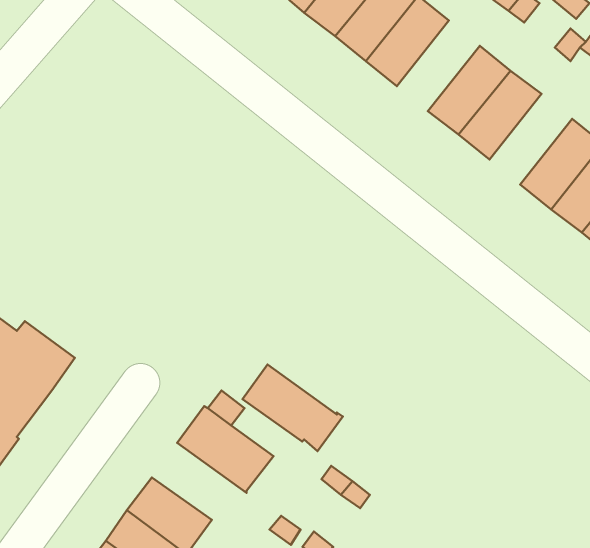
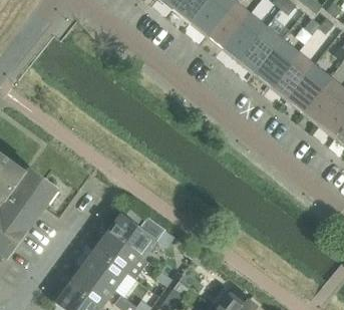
building: none -> [222,13,265,60]
building: none -> [270,51,313,98]
building: [242,364,343,451] -> [94,233,146,278]

